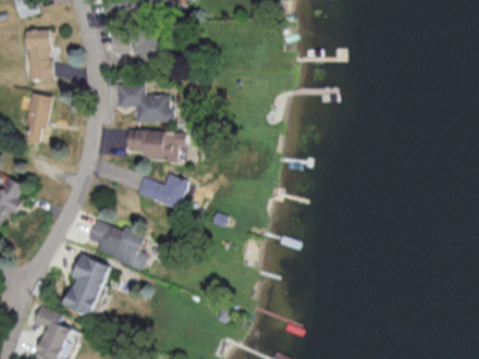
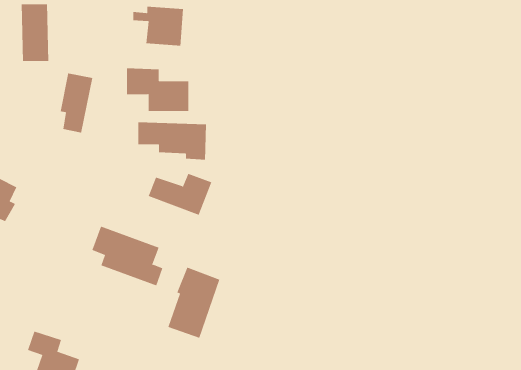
building: [24,91,52,143] -> [60,73,93,133]
building: [64,255,109,315] -> [168,267,220,339]

